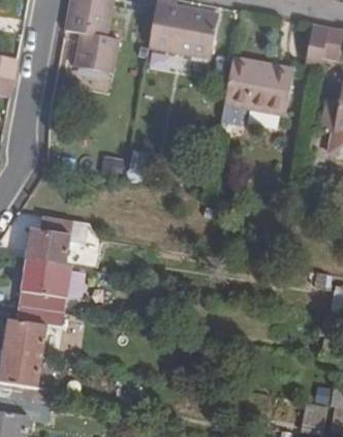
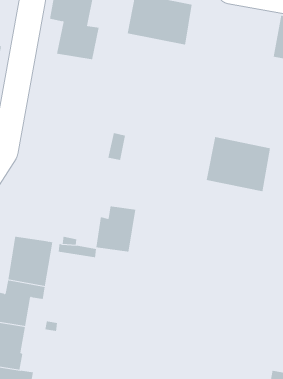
building: [224,57,293,116] -> [206,137,271,192]
building: [28,216,71,266] -> [95,206,136,252]

